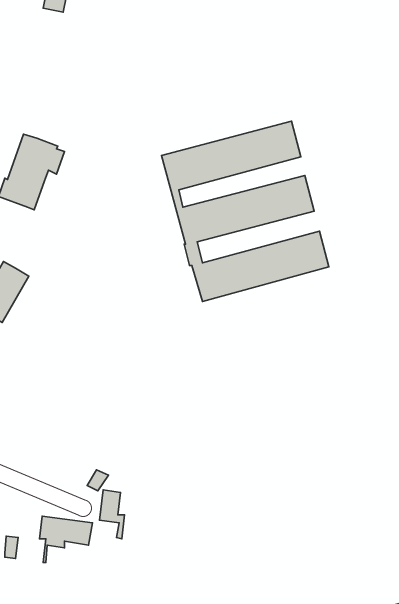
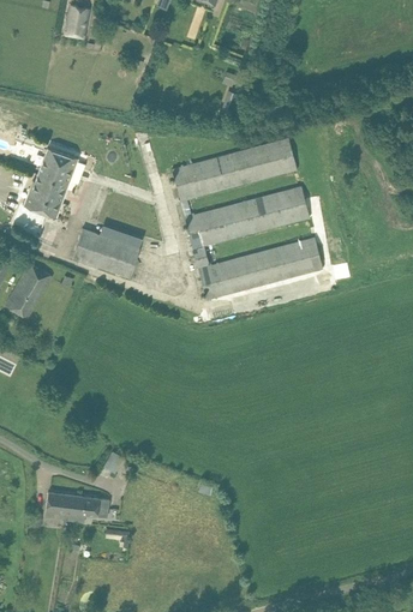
building: none -> [72,229,139,277]
building: [99,490,125,539] -> [44,492,67,536]

